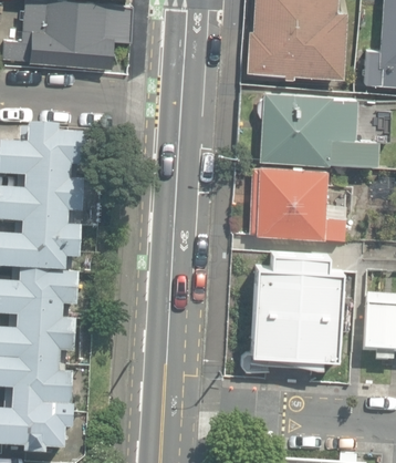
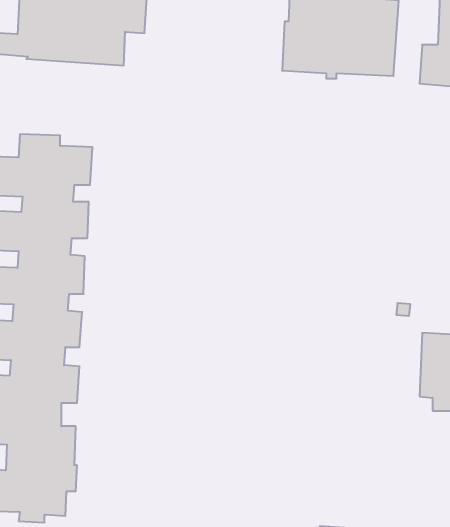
building: [258,88,359,161] -> none
building: [256,162,343,234] -> none
building: [252,250,352,358] -> none

